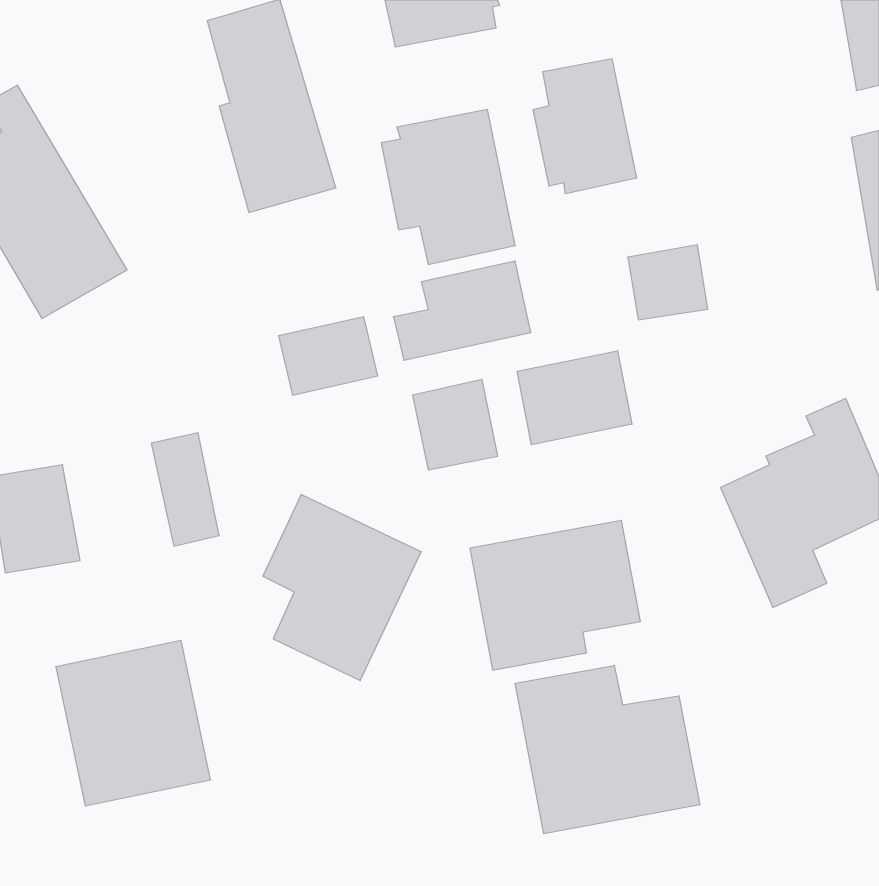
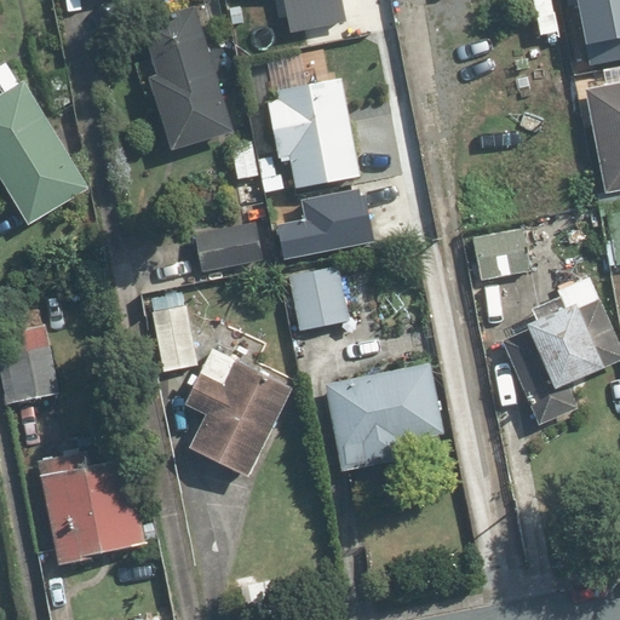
building: [533,59,636,194] -> none
building: [628,245,708,320] -> [472,230,528,282]
building: [517,351,632,445] -> none
building: [151,433,219,546] -> [147,293,194,372]
building: [515,665,700,834] -> none

